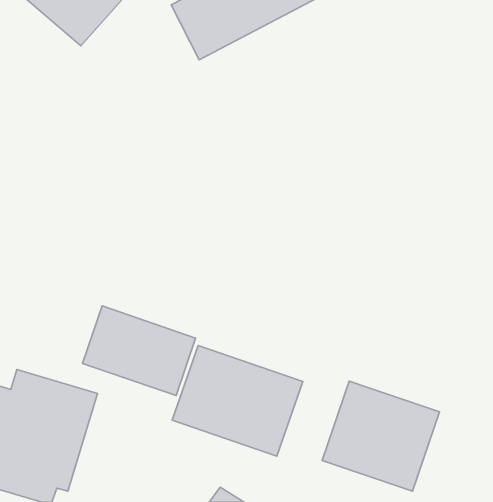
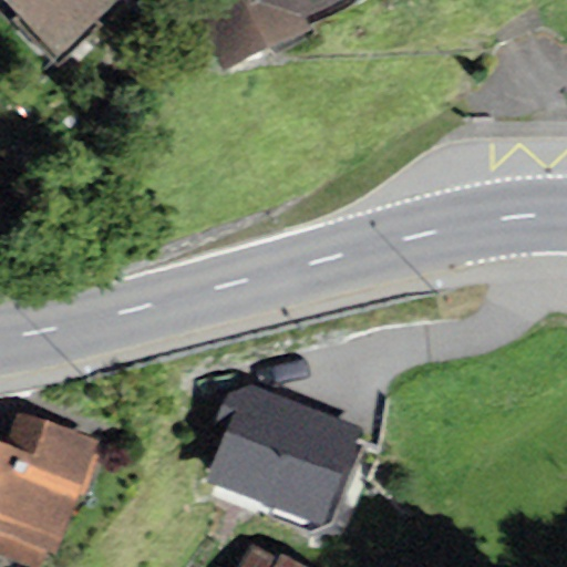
building: [83,306,196,396] -> none
building: [322,381,440,491] -> none

